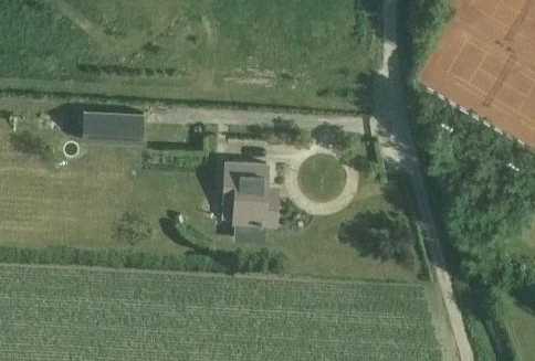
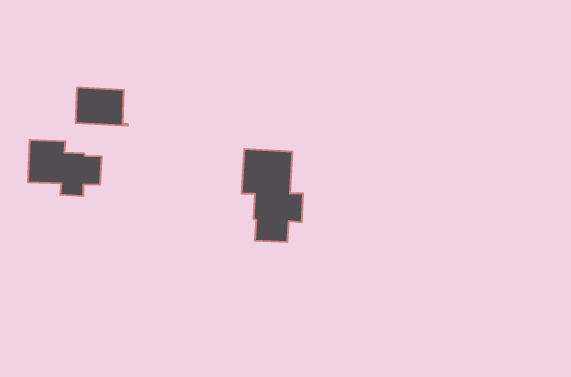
building: none -> [28,140,101,196]

